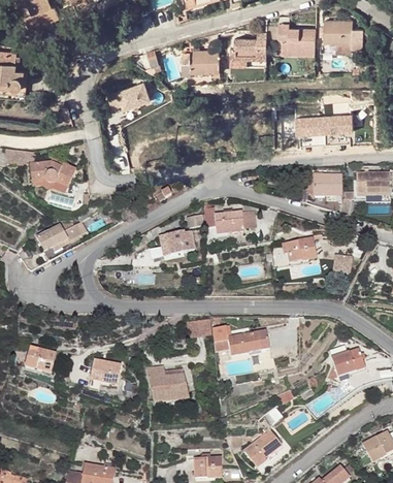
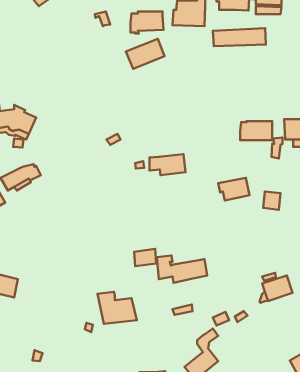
building: [107,78,151,112] -> [126,39,164,69]
building: [293,112,353,133] -> [213,28,266,46]
building: [163,230,195,255] -> none
building: [90,359,121,384] -> none

